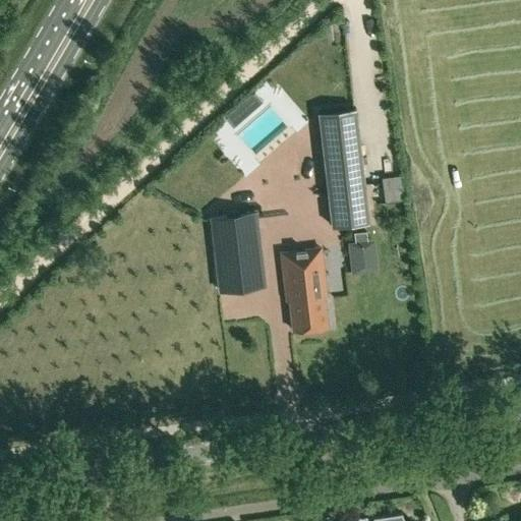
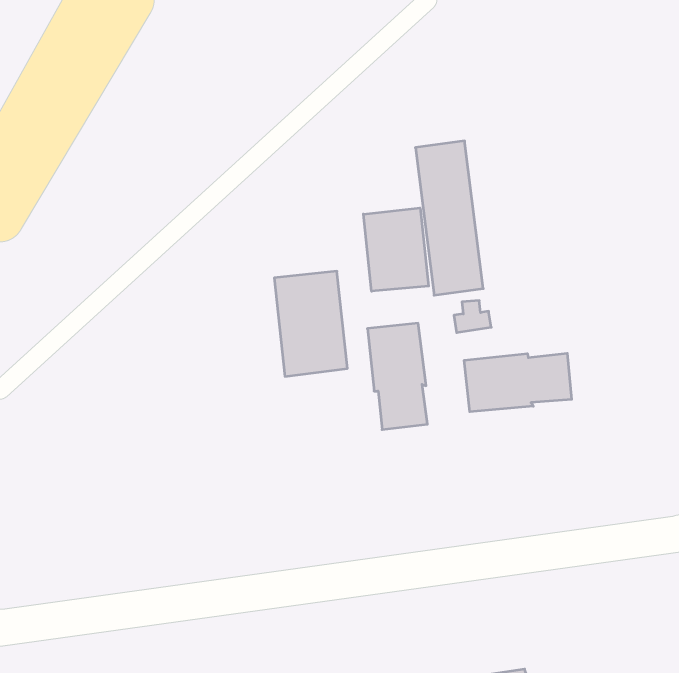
building: none -> [363,208,429,291]
building: none -> [464,353,572,412]

